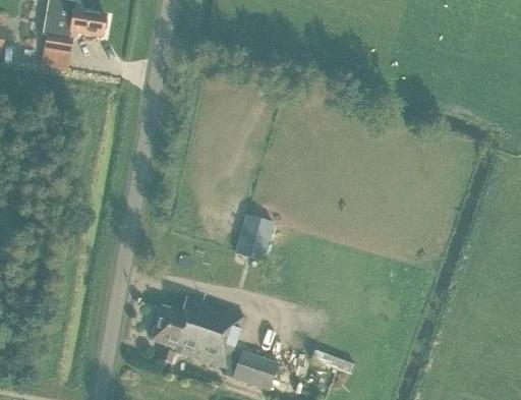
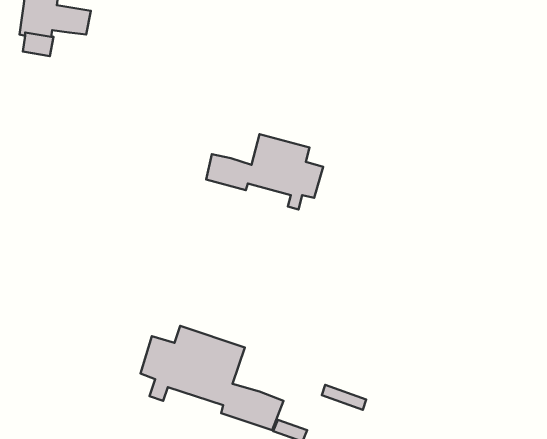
building: none -> [206,134,323,209]
building: [235,216,273,262] -> none

